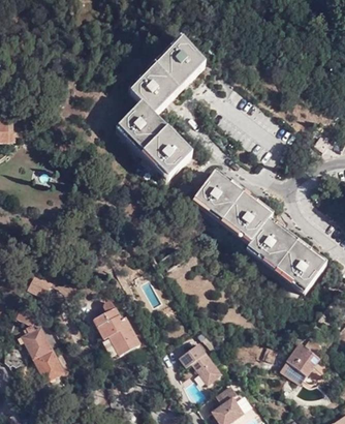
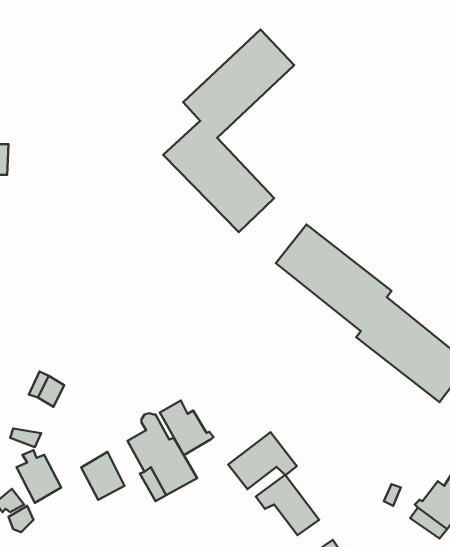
building: none -> [160,400,213,455]
building: none -> [228,432,297,489]
building: [31,350,60,382] -> [81,452,125,500]

